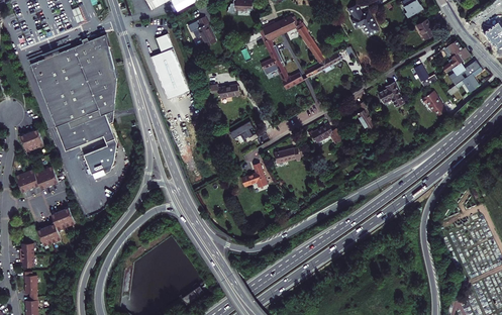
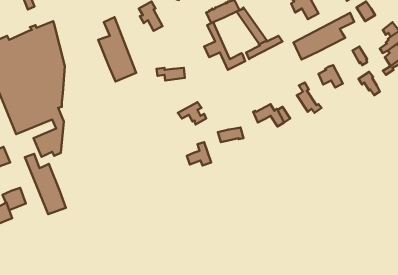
building: none -> [293,13,354,60]
building: none -> [25,154,66,214]

